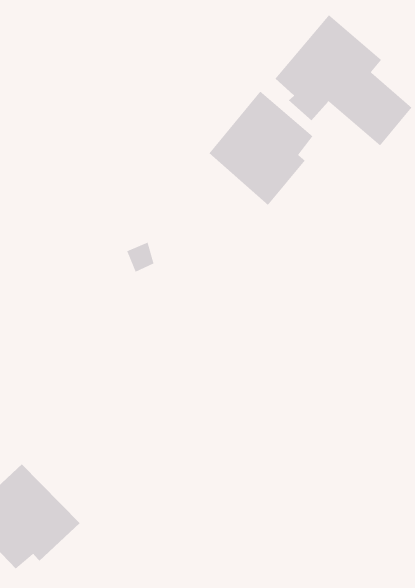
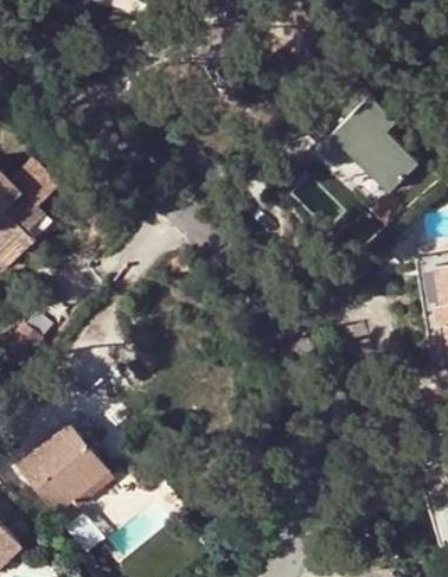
building: [209,90,313,206] -> none

